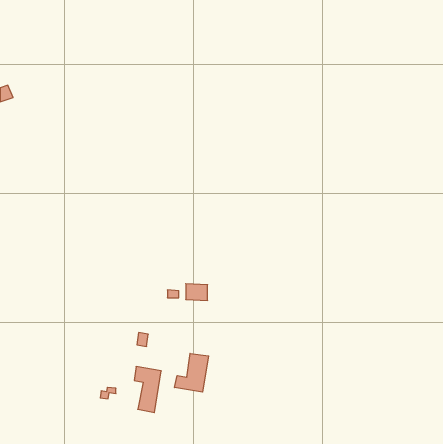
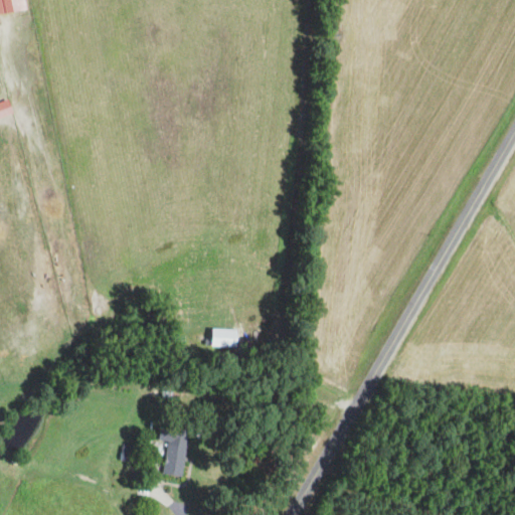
building: [175,353,209,392] -> none

